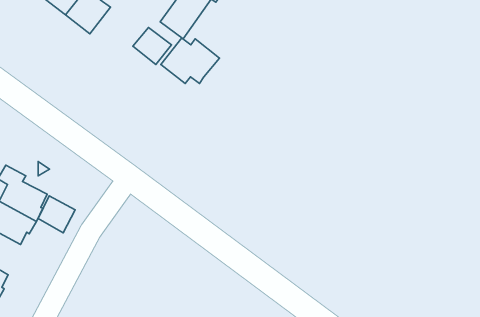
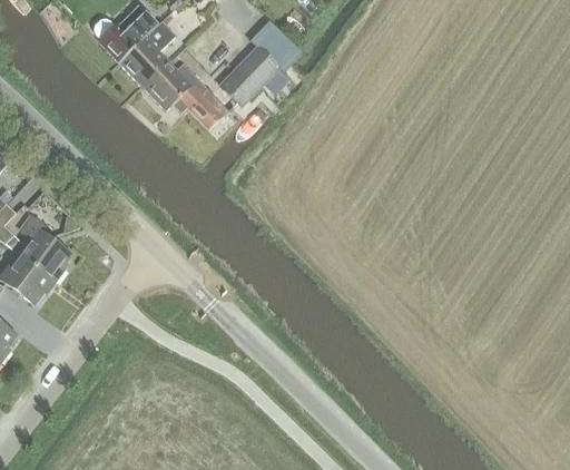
building: [161,38,220,84] -> [141,59,206,111]
building: [38,196,75,233] -> none

